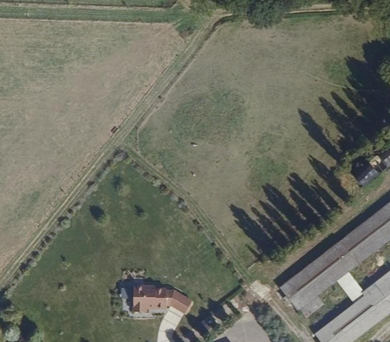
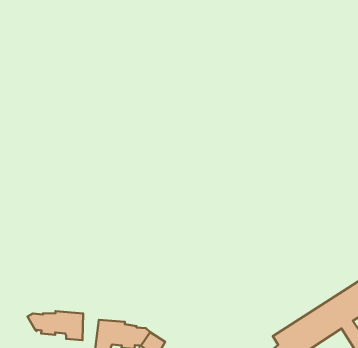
building: none -> [27,311,83,340]

